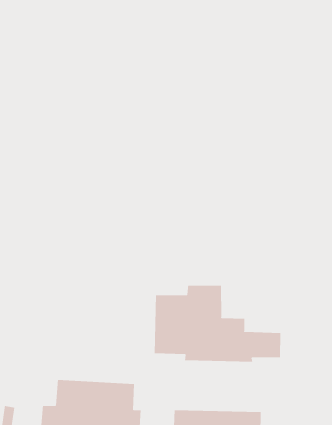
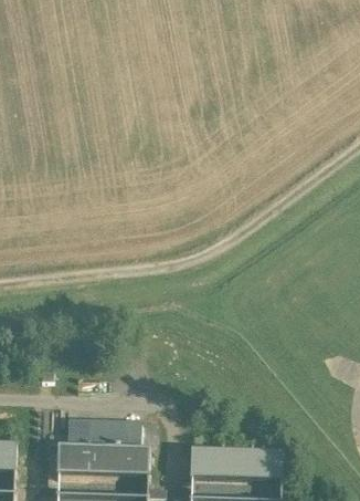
building: [154,285,281,362] -> none

